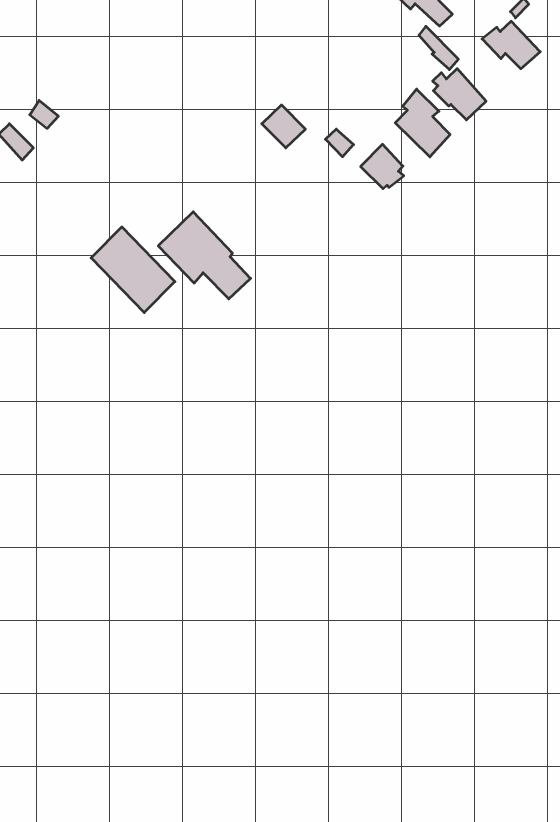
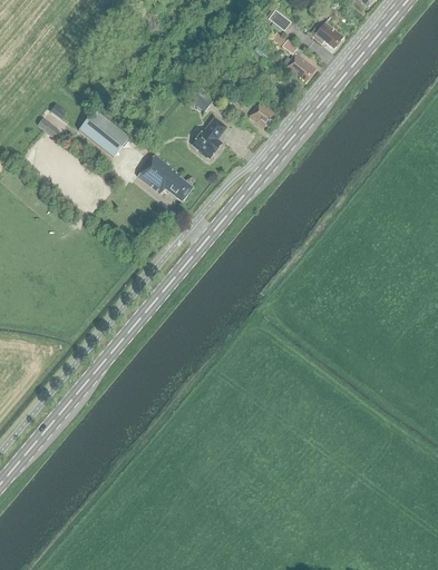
building: [395,89,450,157] -> none
building: none -> [193,117,226,157]
building: [91,227,175,313] -> [78,108,128,156]

